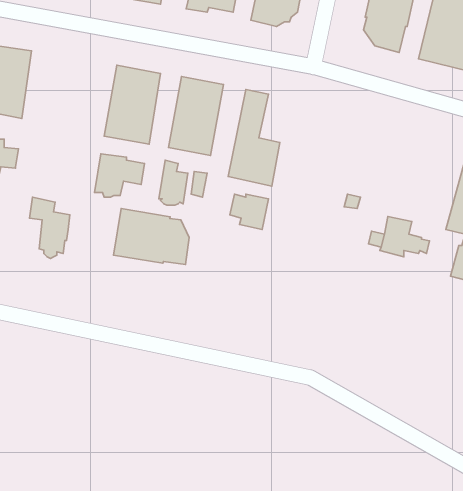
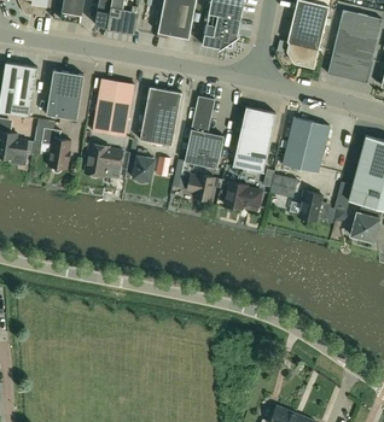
building: none -> [46,70,85,121]
building: none -> [233,107,277,172]
building: none -> [281,117,330,174]
building: [29,197,70,258] -> [41,128,71,174]
building: none -> [225,182,262,210]
building: [114,209,189,265] -> none

